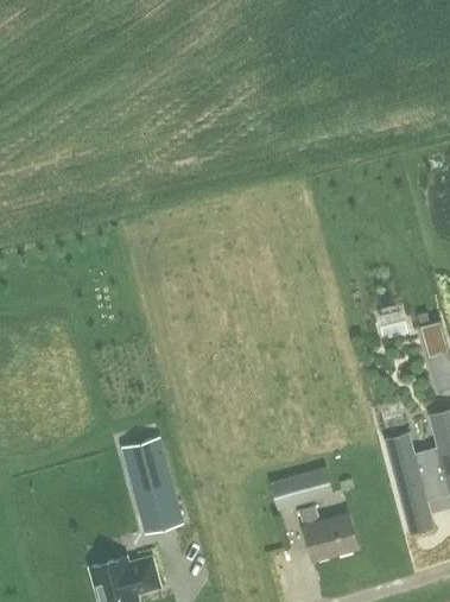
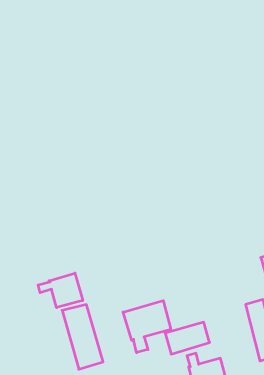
building: none -> [38,273,83,308]
building: none -> [123,301,171,353]

